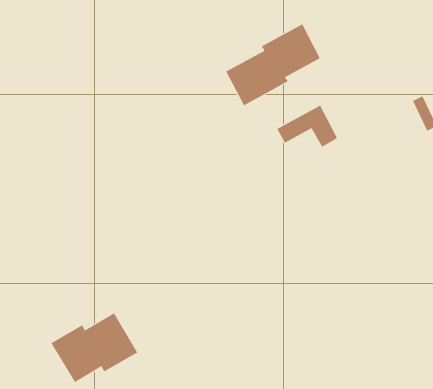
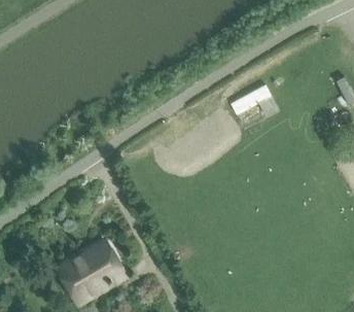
building: [226,24,321,106] -> none

